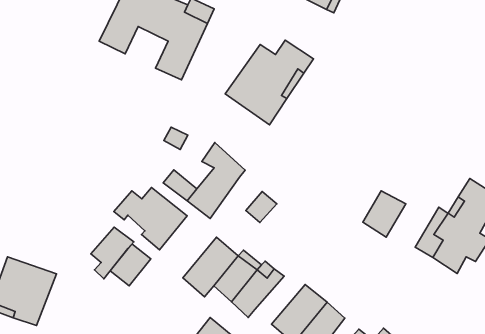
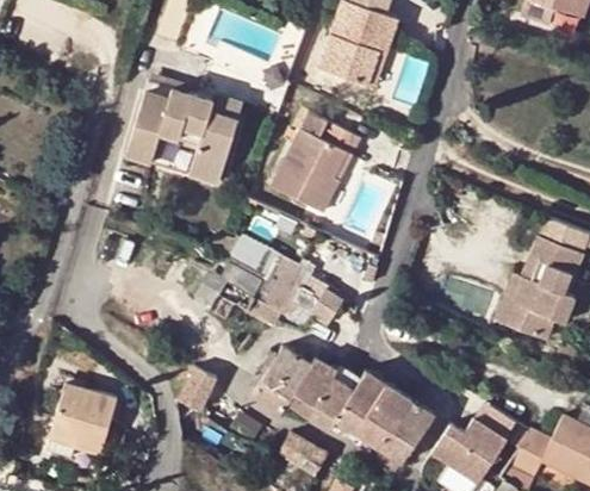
building: [114,188,187,250] -> none
building: [363,191,406,237] -> none
building: [91,227,134,279] -> none
building: none -> [335,371,385,430]

